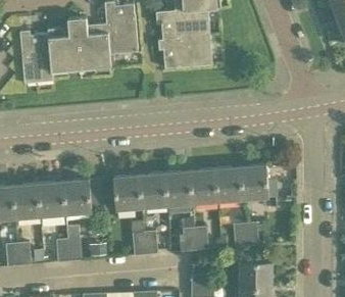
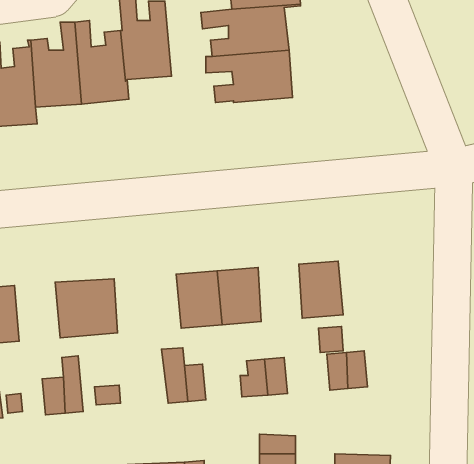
building: [240,164,268,200] -> none
building: [190,168,217,204] -> none
building: [113,175,142,210] -> none
building: [38,180,66,216] -> none
building: [238,261,273,288] -> none

